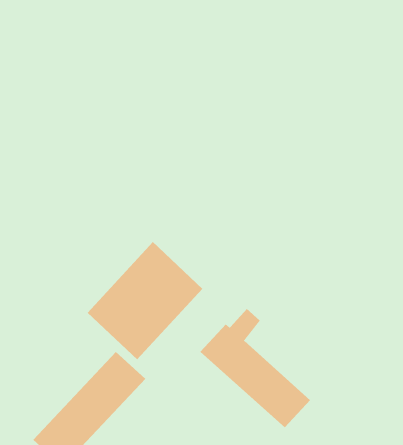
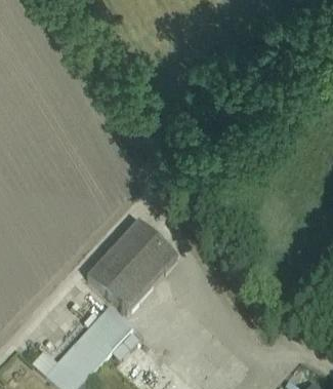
building: [200,308,311,428] -> none

